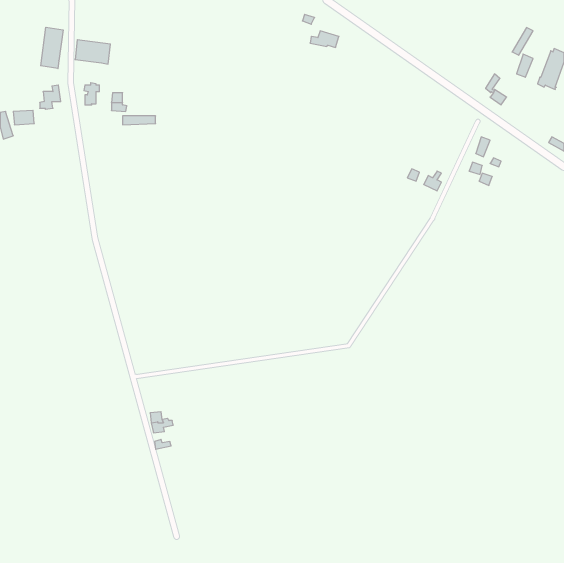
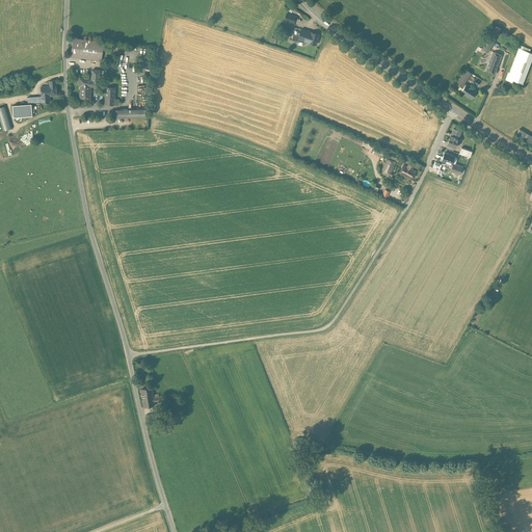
building: [41,27,63,69] -> none

